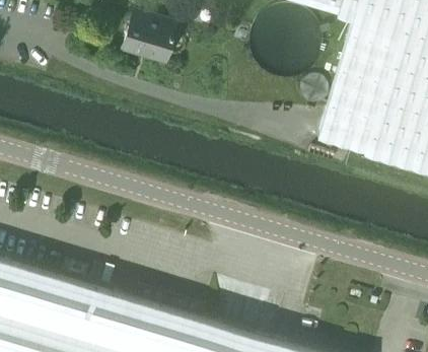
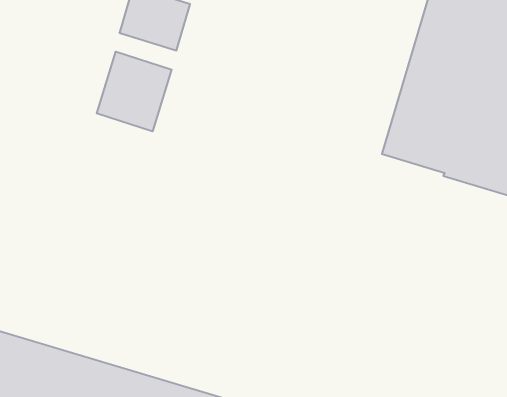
building: none -> [97,52,172,131]

